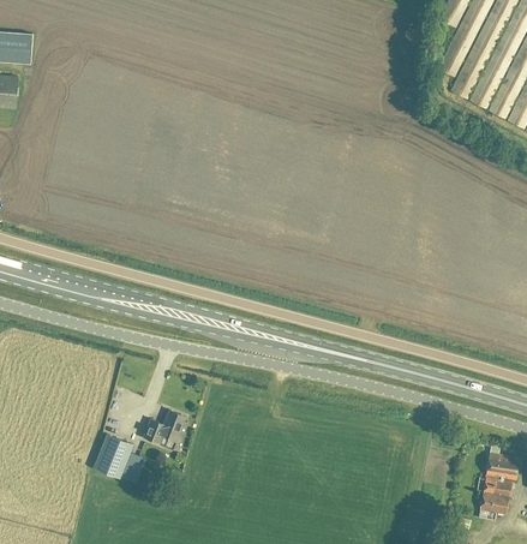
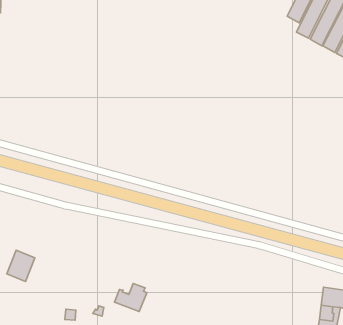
building: [144,410,190,449] -> [115,283,147,312]
building: [95,432,134,477] -> [7,250,35,282]

